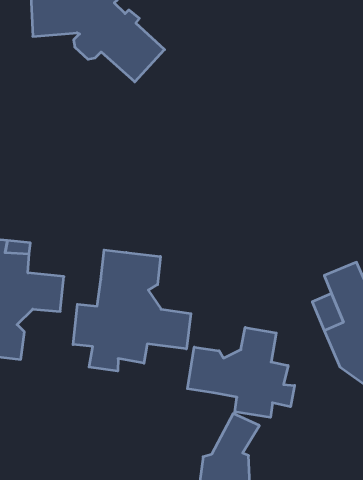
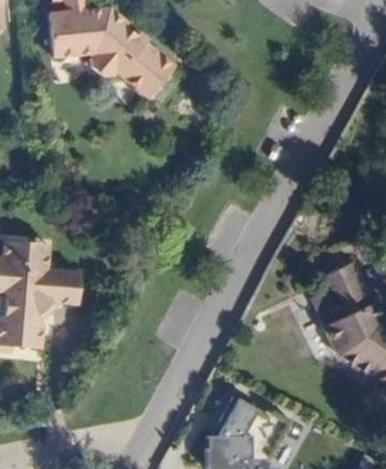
building: [73,250,191,371] -> none
building: [187,327,295,417] -> none

